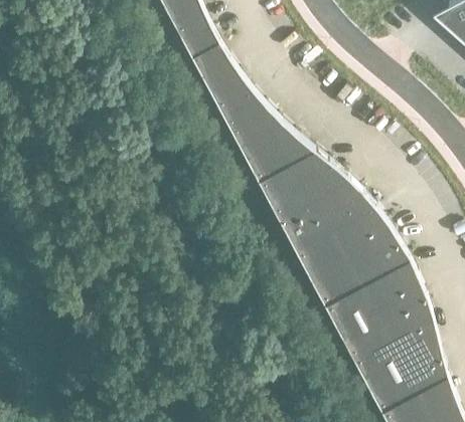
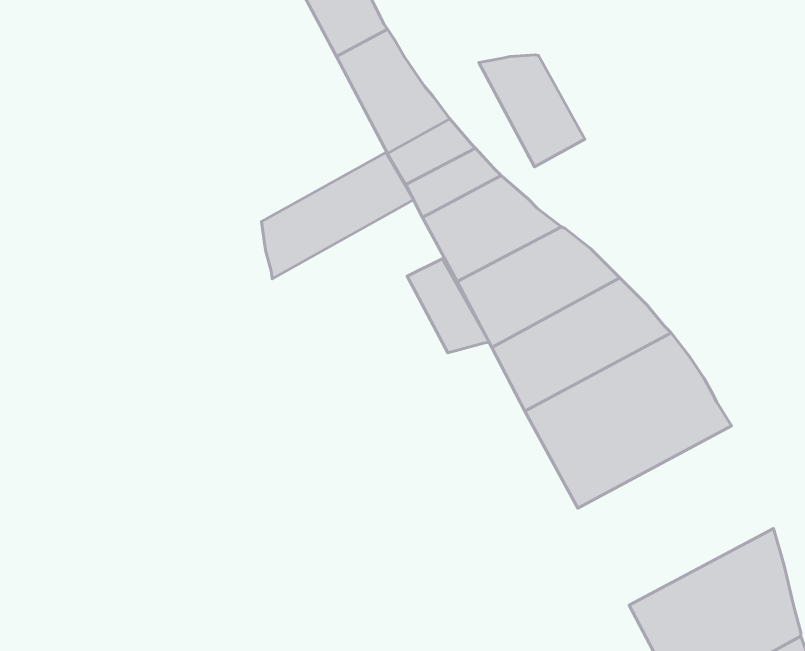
building: none -> [479,55,585,167]
building: none -> [262,153,414,279]
building: none -> [407,259,489,353]
building: [325,261,433,360] -> none

